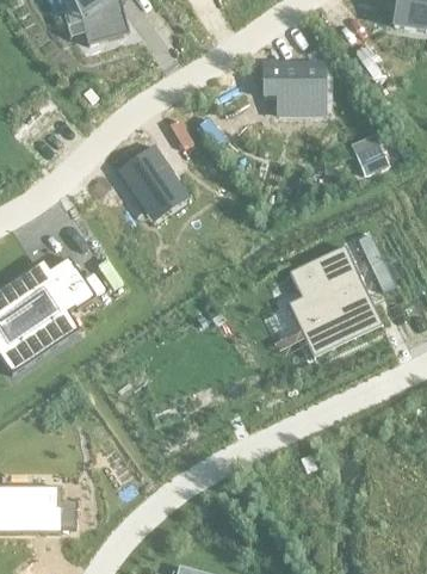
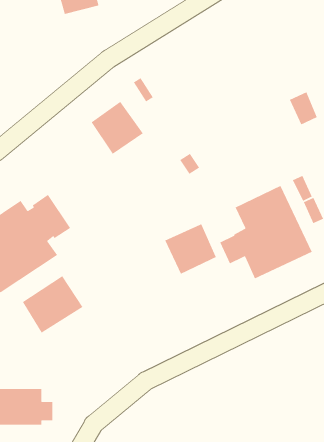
building: [264,63,324,115] -> none
building: none -> [164,223,219,275]
building: none -> [20,275,83,335]

